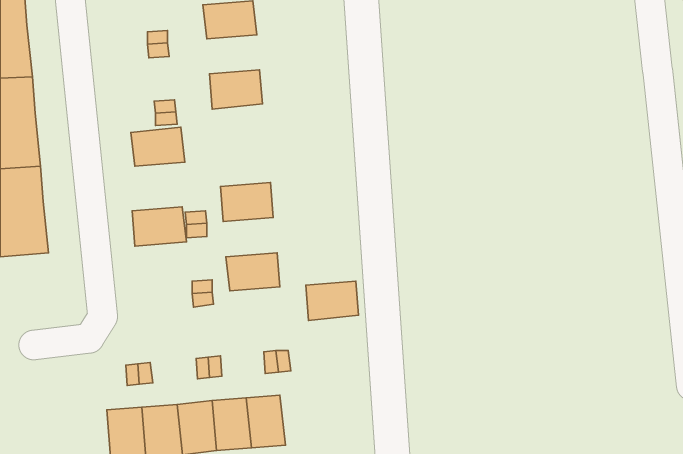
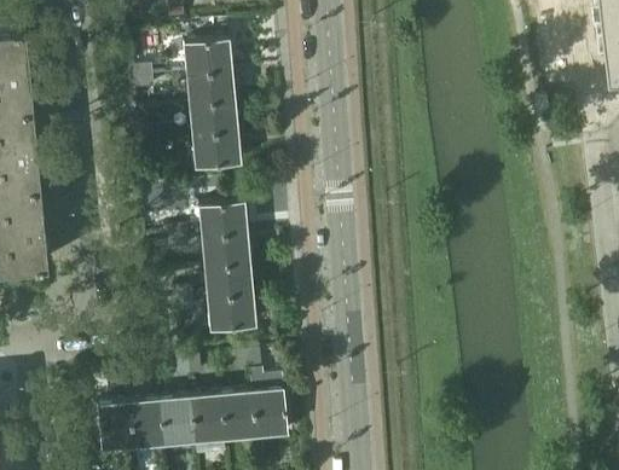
building: none -> [186,71,233,106]
building: [131,127,185,166] -> [191,133,239,168]
building: [132,207,186,246] -> [201,234,249,269]
building: [306,281,359,321] -> [207,296,254,331]
building: none -> [251,390,285,437]

